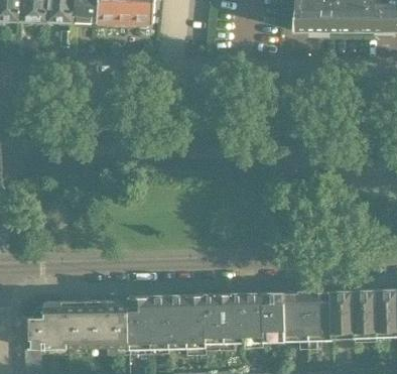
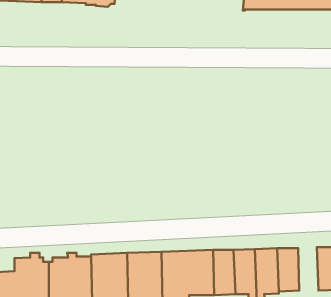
building: [353,290,375,338] -> none

